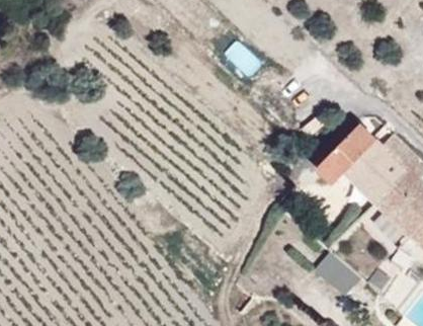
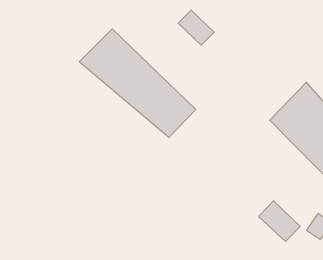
building: none -> [79,29,196,138]

